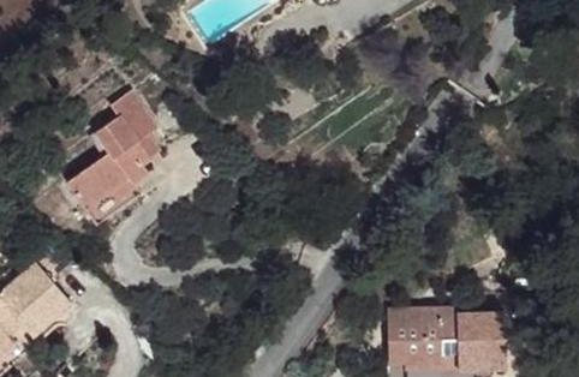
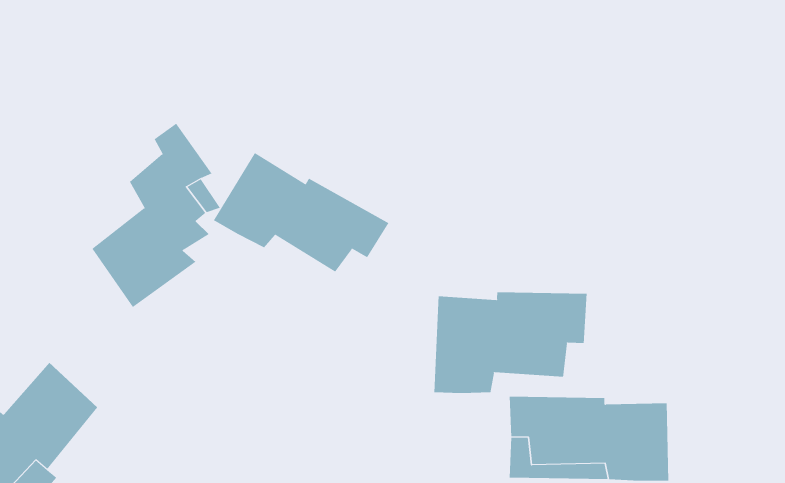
building: none -> [213,152,389,272]
building: none -> [434,292,587,394]

